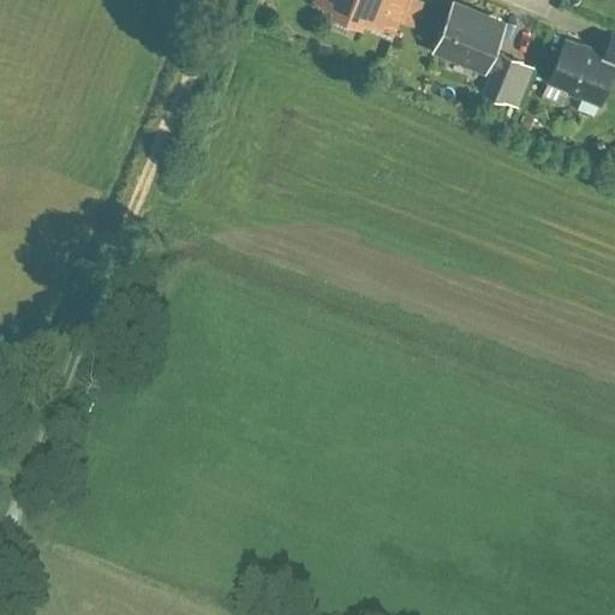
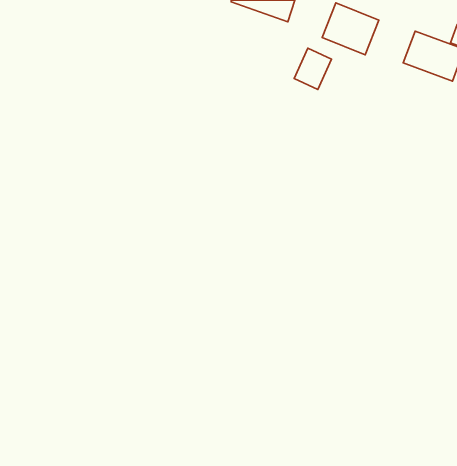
building: [484,54,533,108] -> [294,48,331,89]

